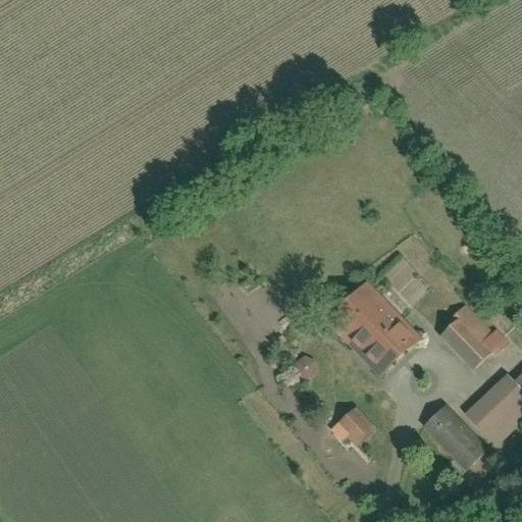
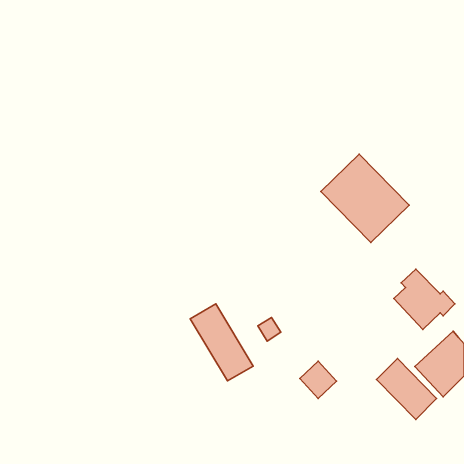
building: [323,278,422,377] -> [321,154,409,242]
building: none -> [190,304,253,381]

